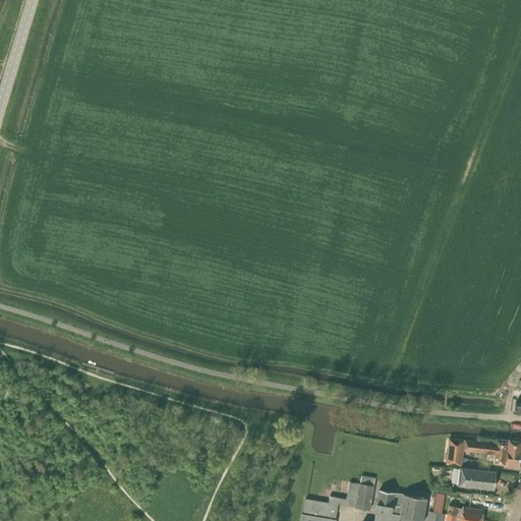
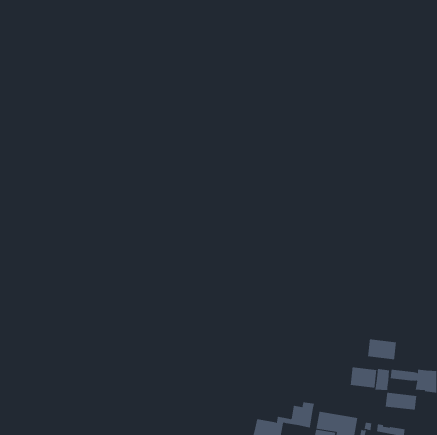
building: none -> [367,339,397,360]
building: none -> [350,367,377,388]

